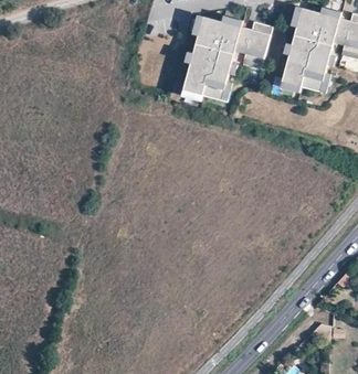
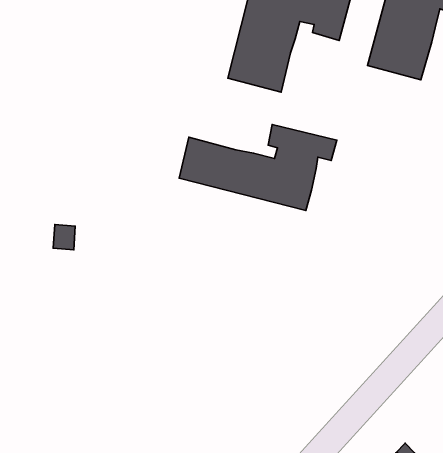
building: none -> [179,124,337,210]

